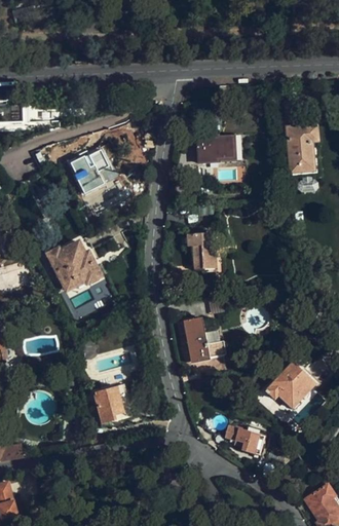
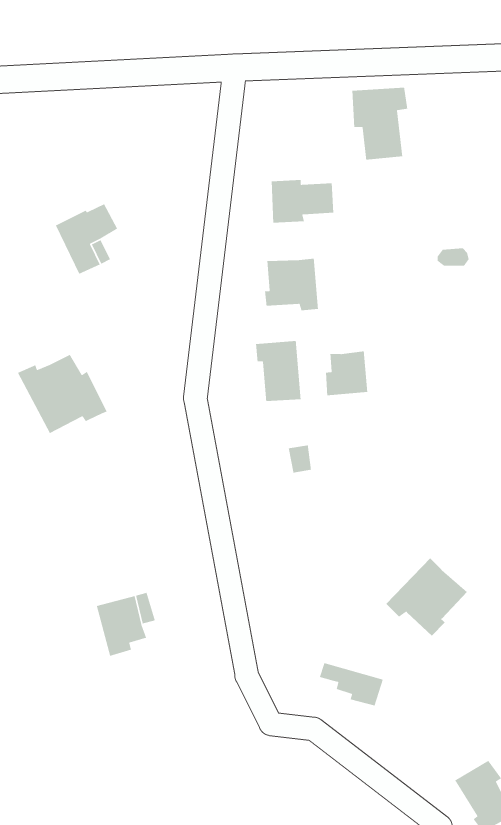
building: [285,126,318,171] -> [352,87,408,160]
building: none -> [264,258,319,311]
building: none -> [325,351,368,396]
building: [185,317,226,363] -> none

